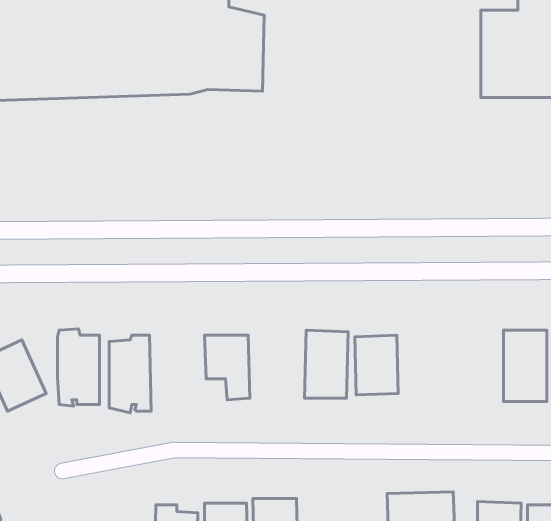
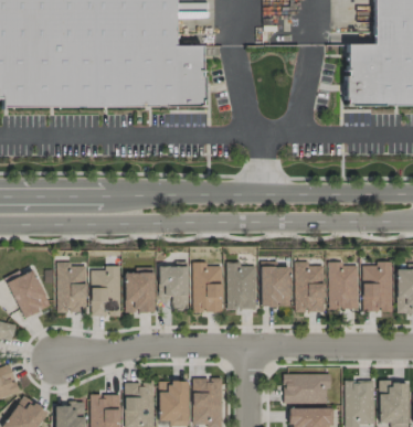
building: none -> [329,260,360,309]
building: none -> [296,263,326,312]
building: none -> [193,264,224,312]
building: none -> [125,267,156,312]

